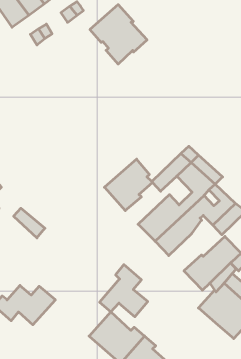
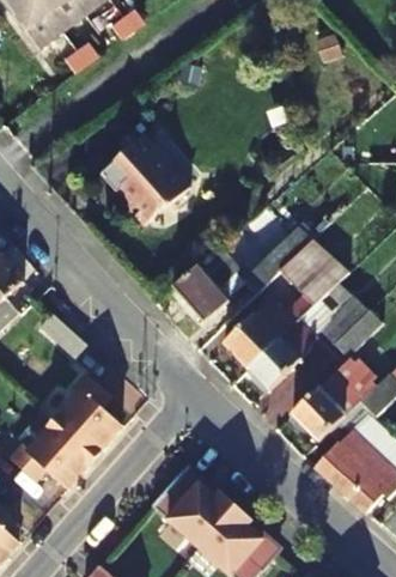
building: [90,5,147,64] -> [105,134,190,223]
building: [100,265,148,317] -> [48,373,120,451]

